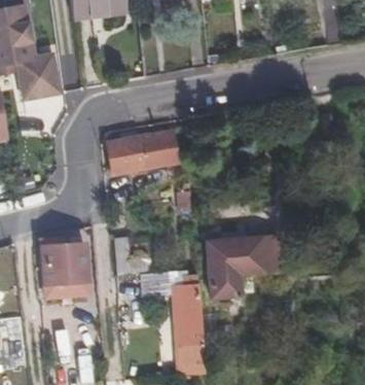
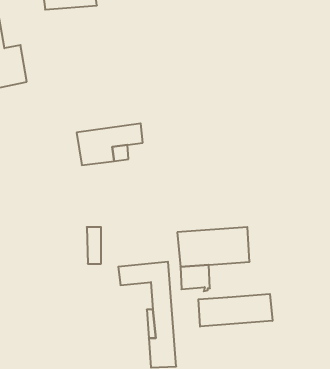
building: [42,242,87,283] -> none
building: none -> [198,294,272,327]

